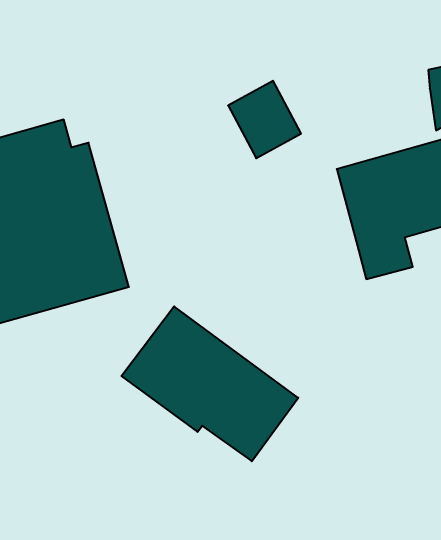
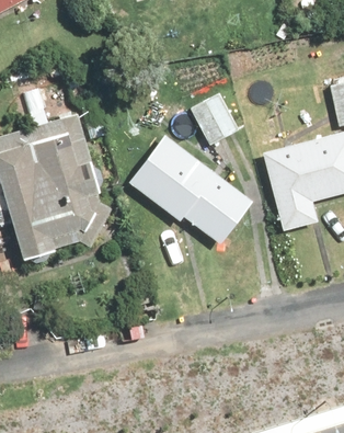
building: [121,306,298,461] -> [128,134,253,243]

